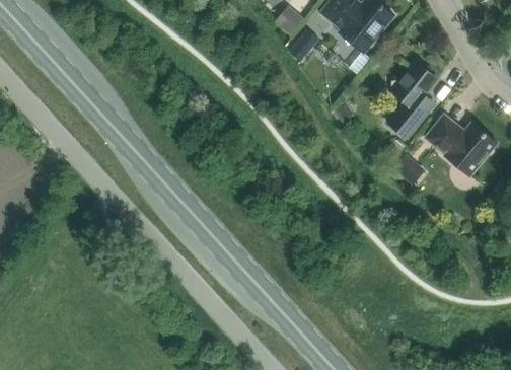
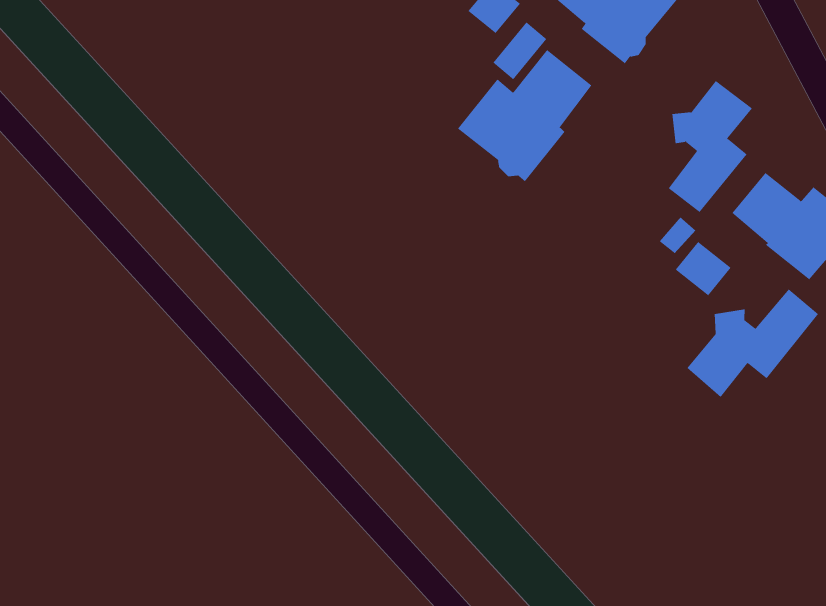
building: none -> [457,49,592,182]
building: none -> [686,288,819,398]

